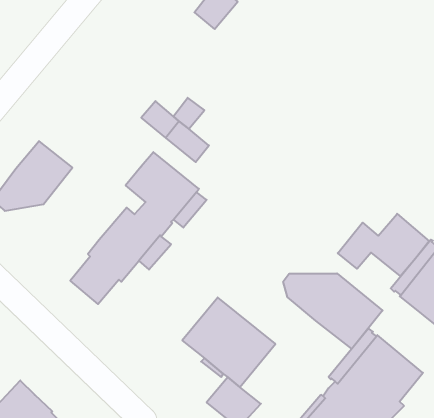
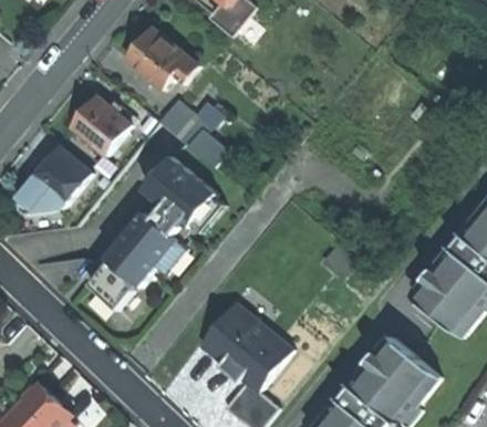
building: none -> [125,27,197,88]
building: none -> [70,94,131,155]
building: [338,214,429,276] -> none
building: [283,273,383,349] -> none

